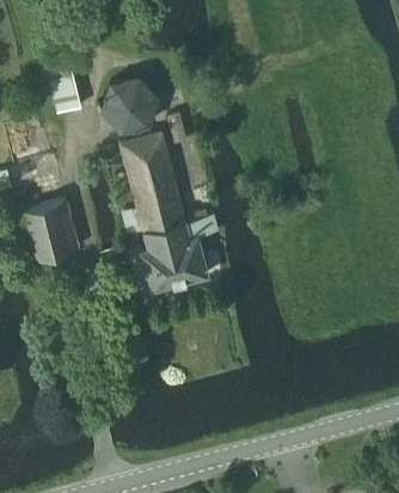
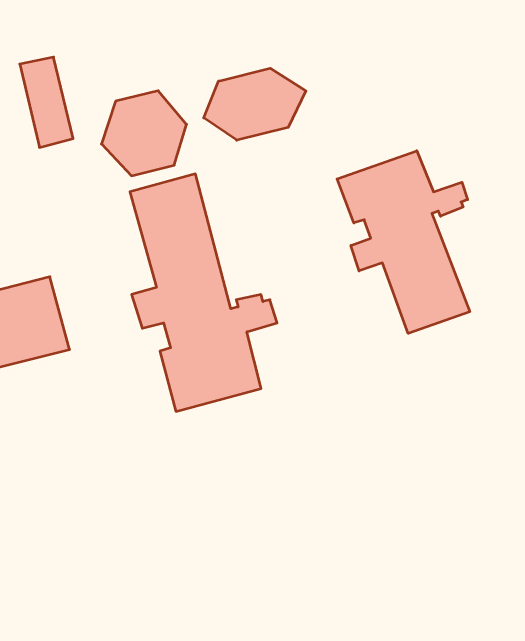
building: none -> [204,68,306,140]
building: none -> [337,151,470,333]

